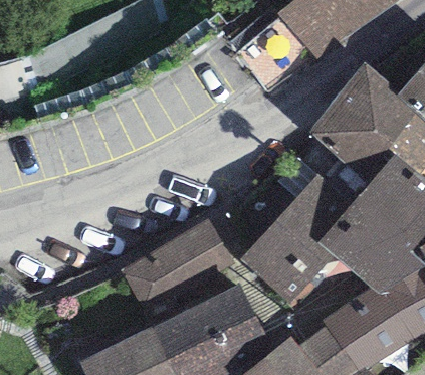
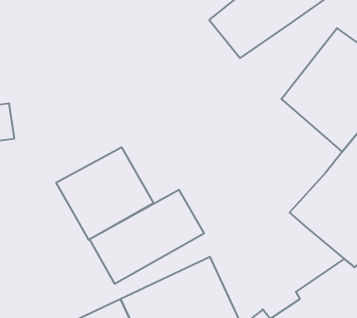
building: [241,173,353,304] -> none
building: none -> [56,147,154,240]

